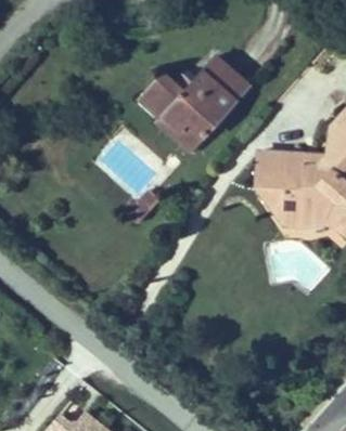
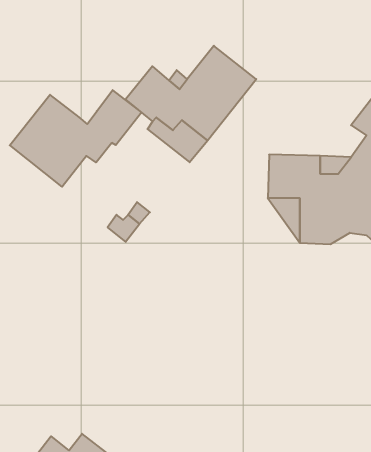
building: none -> [10,90,141,187]

